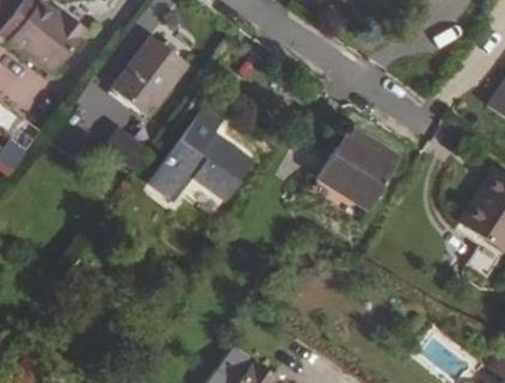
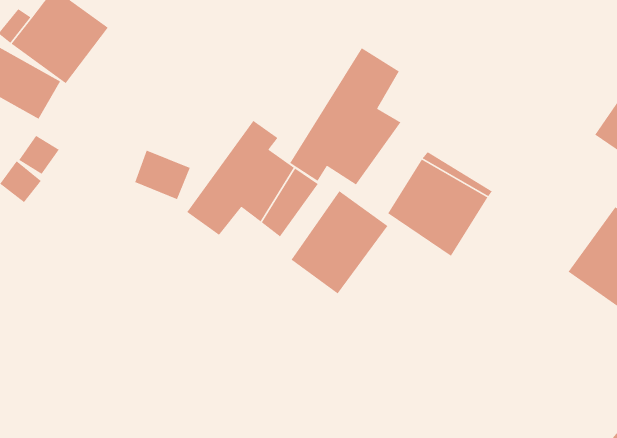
building: [116,32,192,112] -> none
building: none -> [289,47,402,185]
building: none -> [291,190,389,295]

